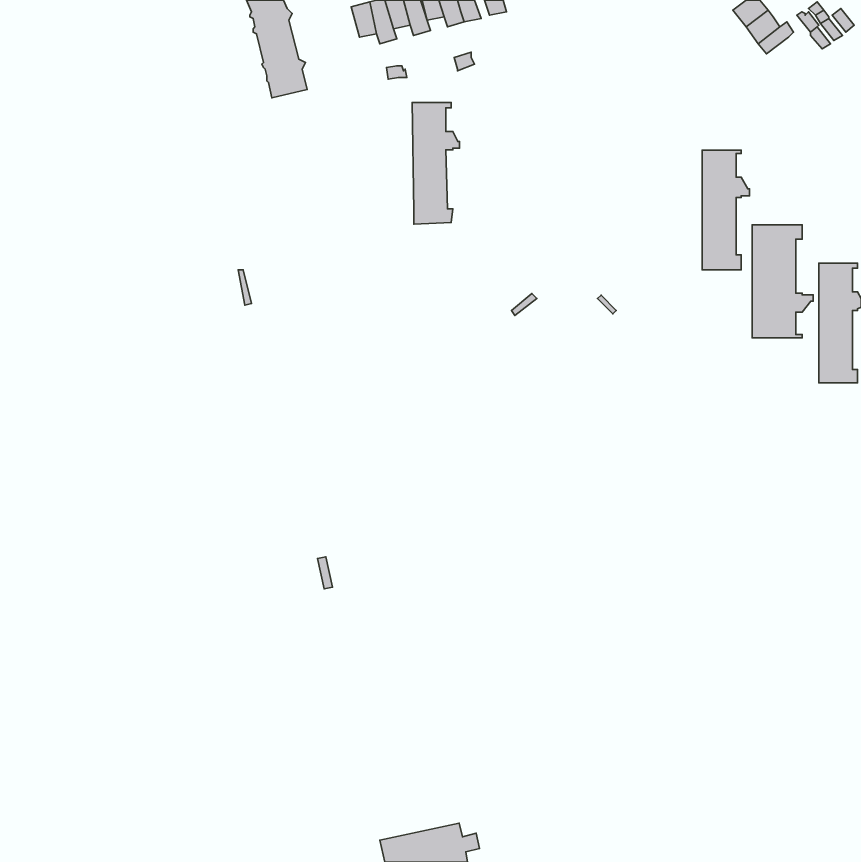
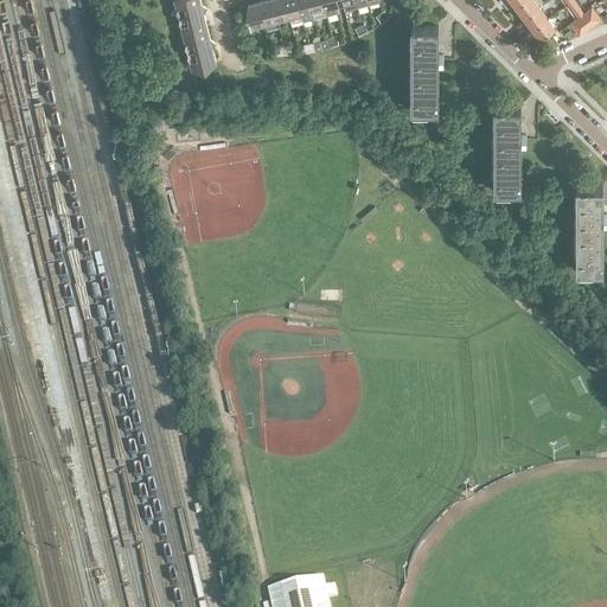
building: [412,103,459,224] -> [410,25,443,110]
building: [752,225,813,338] -> none

